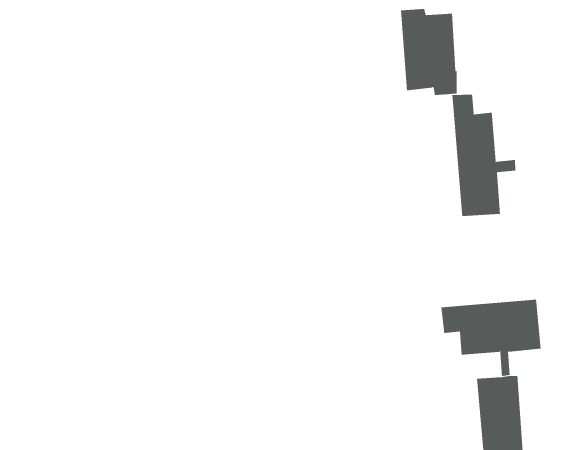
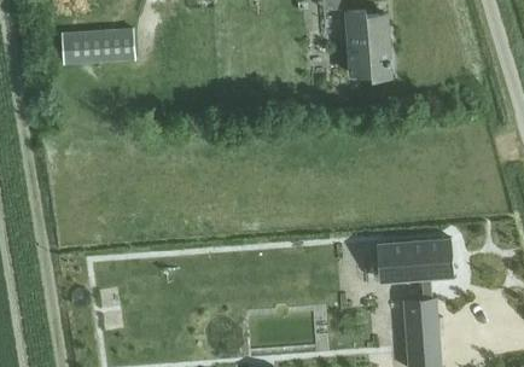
building: none -> [63,30,135,63]
building: [452,94,516,217] -> none

